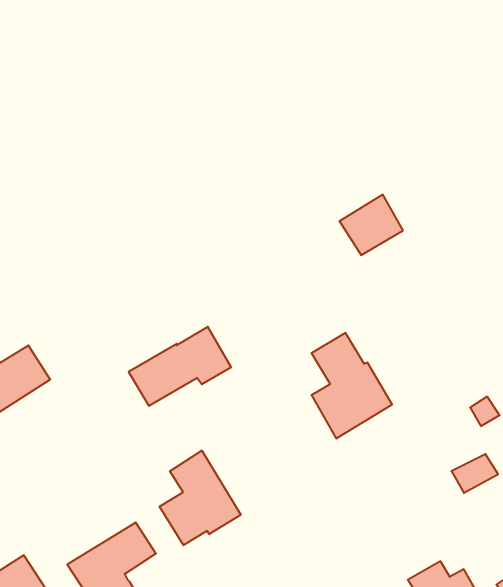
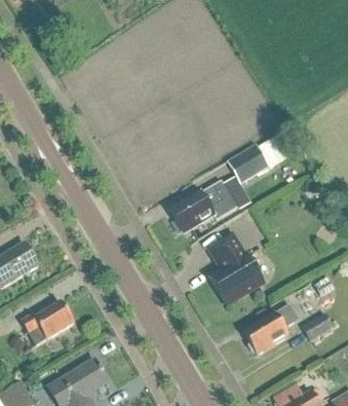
building: [129,327,231,406] -> [169,179,237,231]
building: none -> [22,300,73,343]
building: none -> [242,304,298,353]
building: [160,450,241,545] -> none

